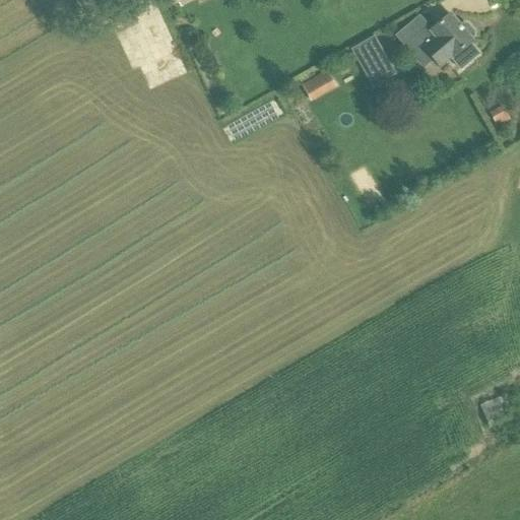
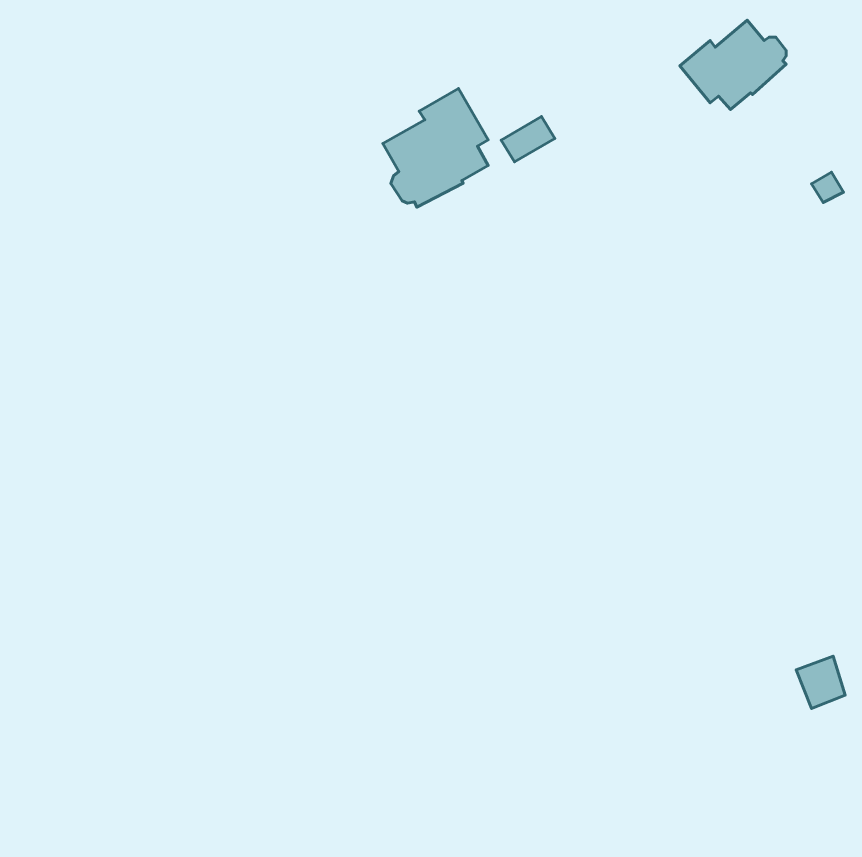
building: [355,43,389,74] -> none
building: none -> [383,89,488,207]

